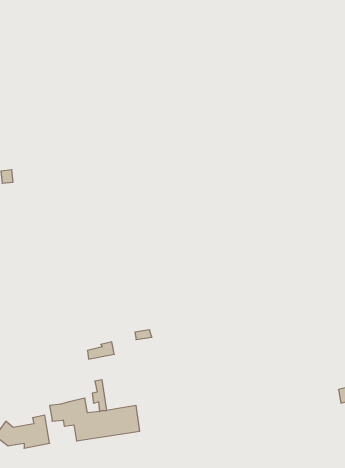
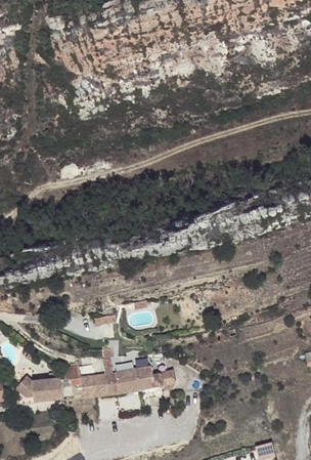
building: none -> [132,363,174,387]

